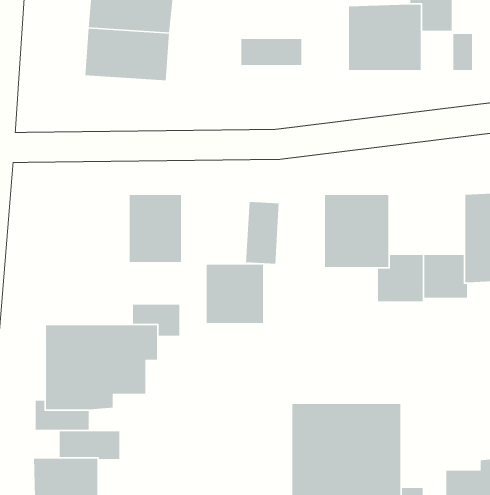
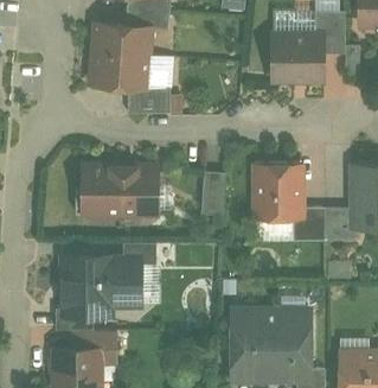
building: [240,38,302,66] -> [127,95,169,114]
building: none -> [75,166,120,214]
building: [206,264,264,324] -> none

